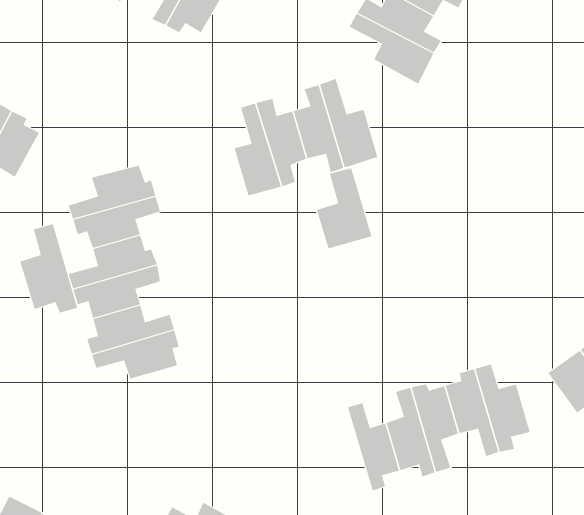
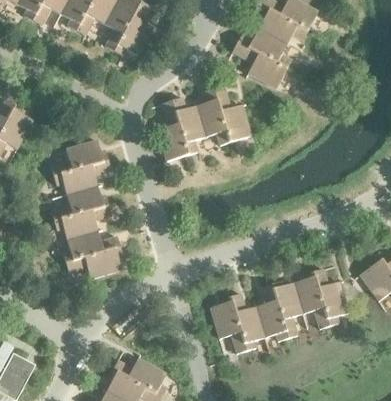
building: [316,167,372,249] -> none
building: [19,224,78,314] -> none
building: none -> [211,296,247,353]

